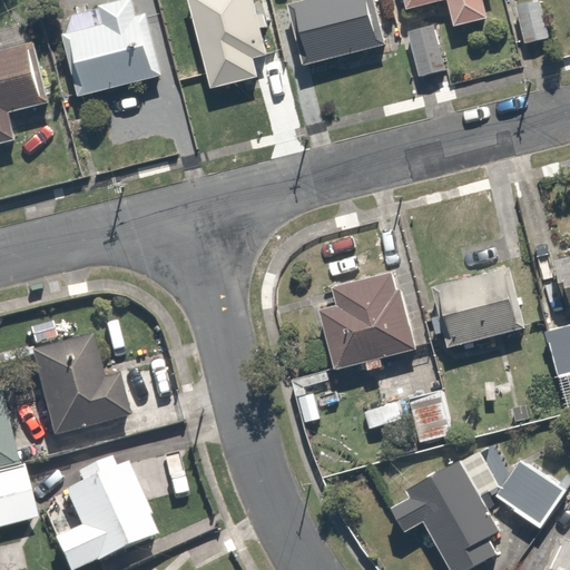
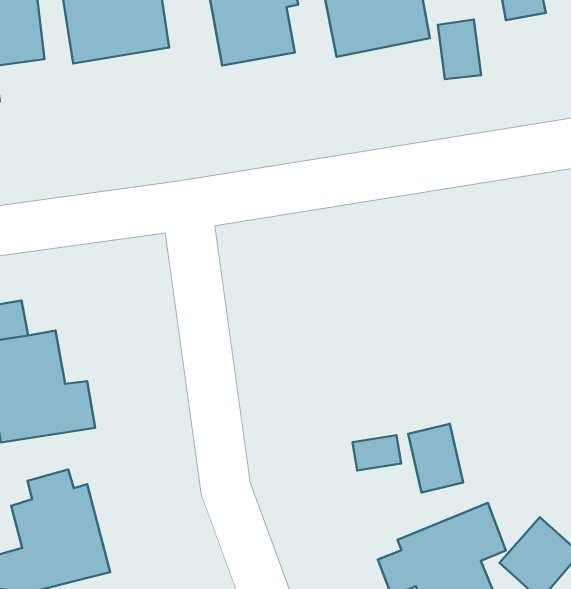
building: [432,266,525,346] -> none
building: [317,271,413,366] -> none

